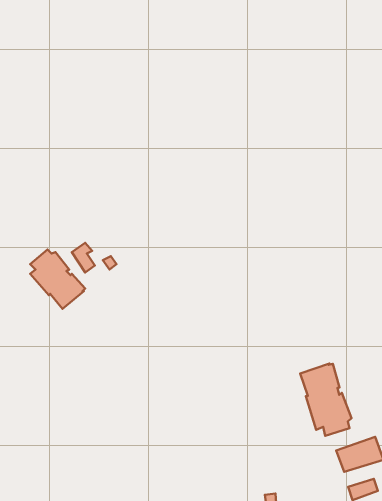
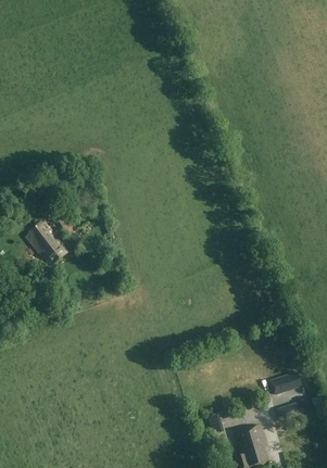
building: [300,364,351,436] -> none

